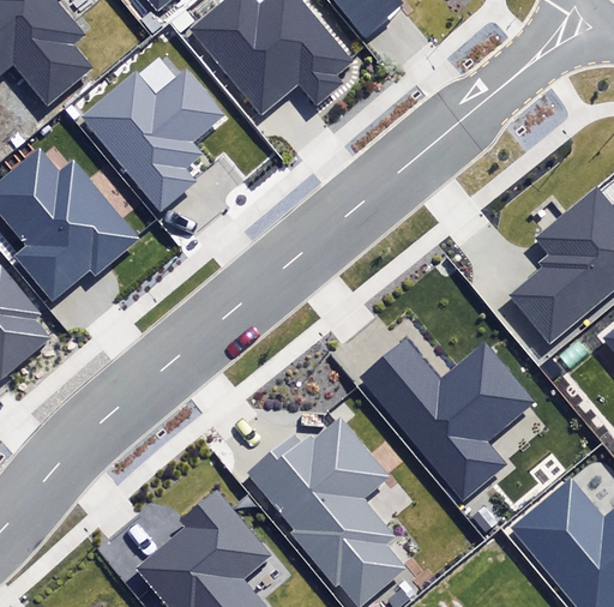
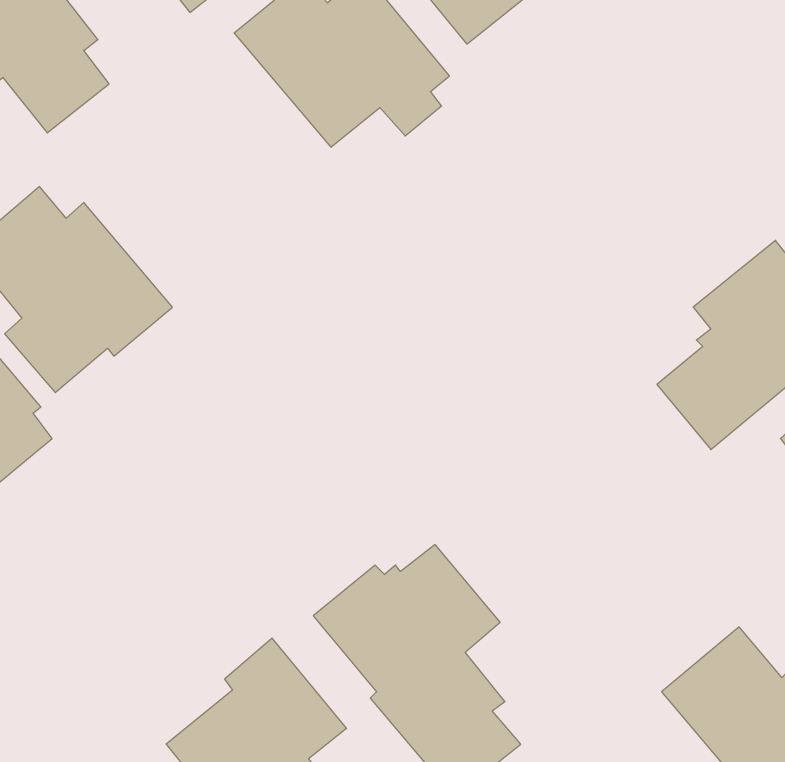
building: [80,68,224,211] -> none
building: [357,337,535,500] -> none

